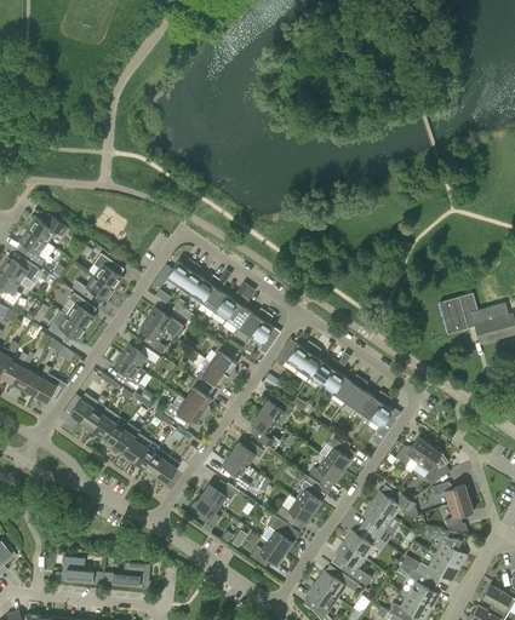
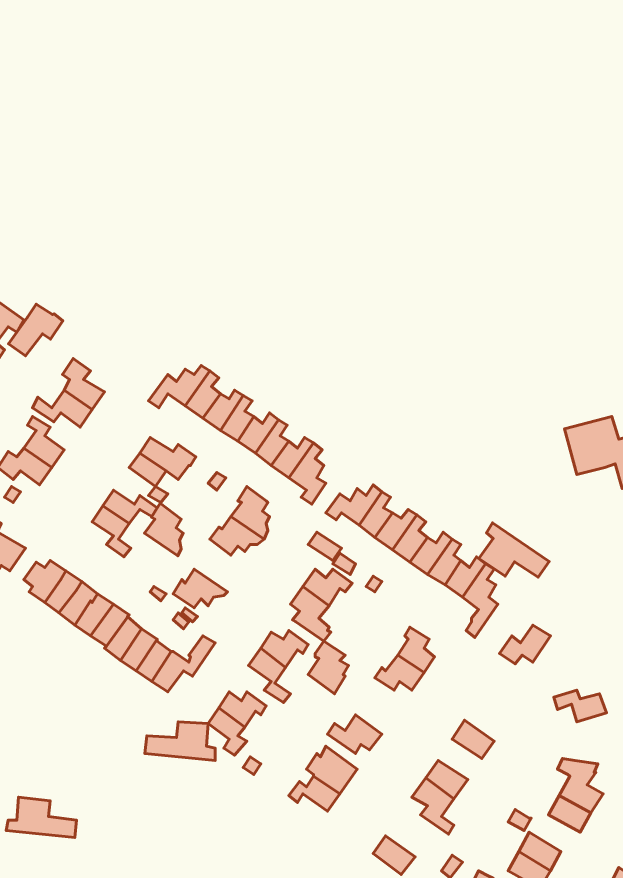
building: none -> [9,304,63,356]
building: none -> [479,523,549,577]
building: [183,379,210,415] -> [144,503,183,556]
building: [416,446,448,486] -> none
building: [294,477,322,513] -> [308,641,349,694]
building: [370,492,417,518] -> none
building: [444,499,471,533] -> none
building: [101,563,149,590] -> [145,722,215,760]
building: [315,566,356,598] -> none

